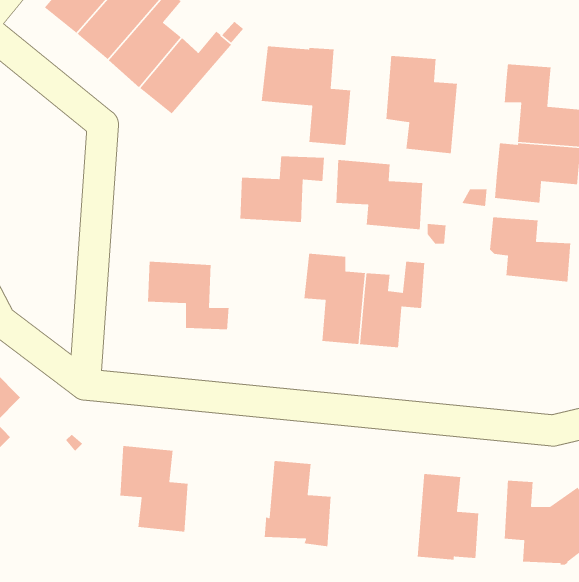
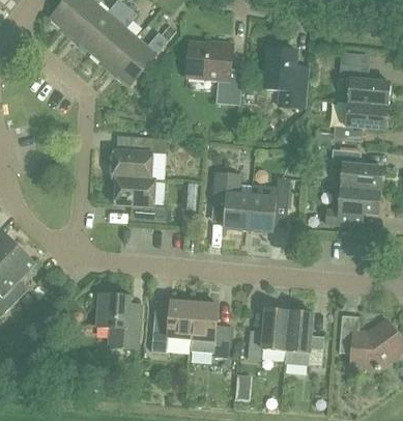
building: [239,155,325,223] -> [112,136,166,178]
building: [335,159,423,230] -> none
building: none -> [325,186,379,224]
building: none -> [151,300,194,350]
building: none -> [247,308,288,359]

